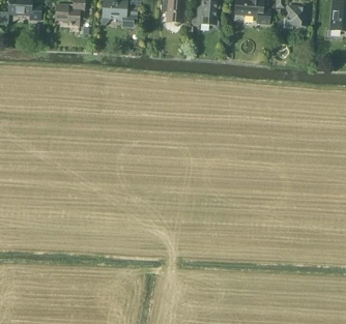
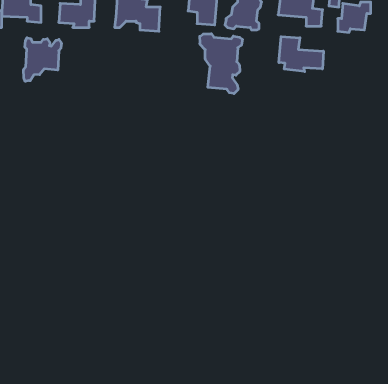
building: none -> [200,34,242,94]
building: none -> [279,37,323,72]
building: none -> [24,38,61,81]

